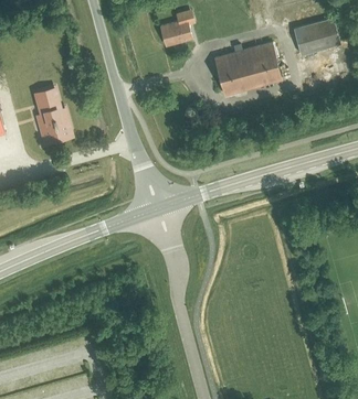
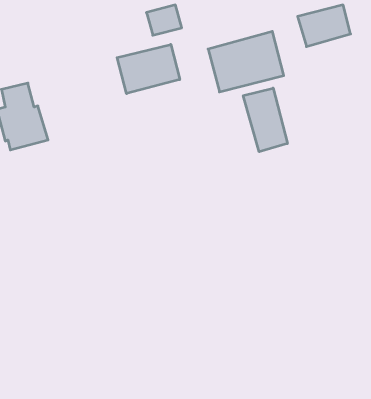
building: none -> [117,44,180,94]
building: none -> [243,88,287,152]

